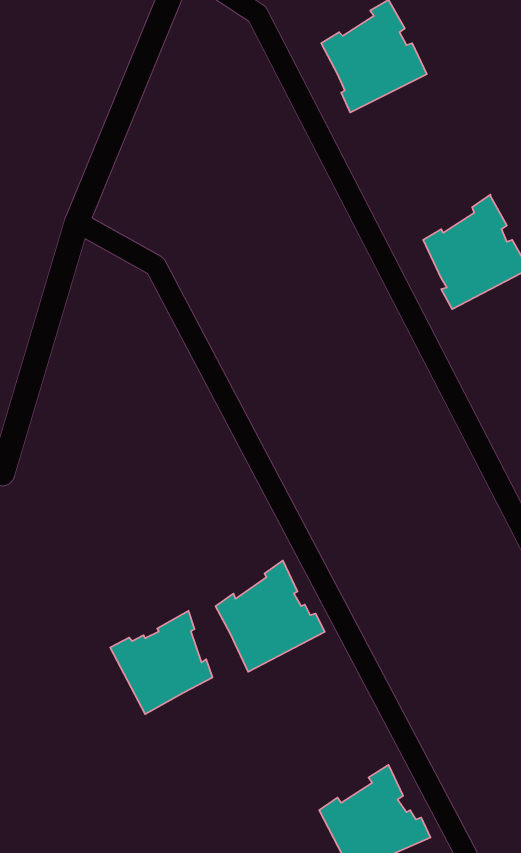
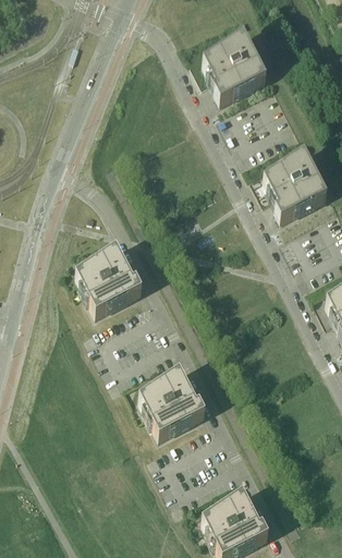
building: none -> [76,247,142,314]
building: [110,611,213,714] -> none

